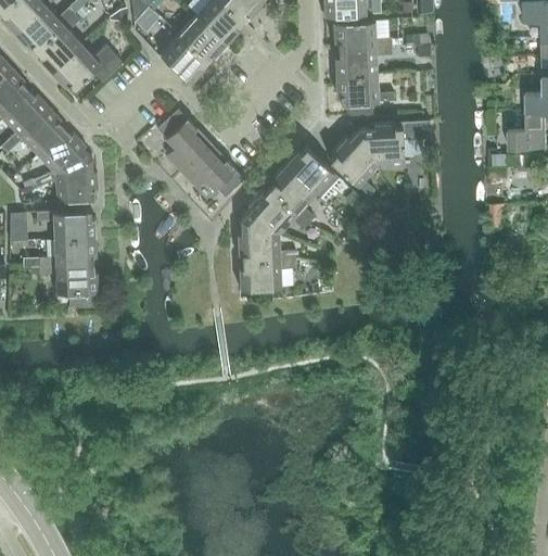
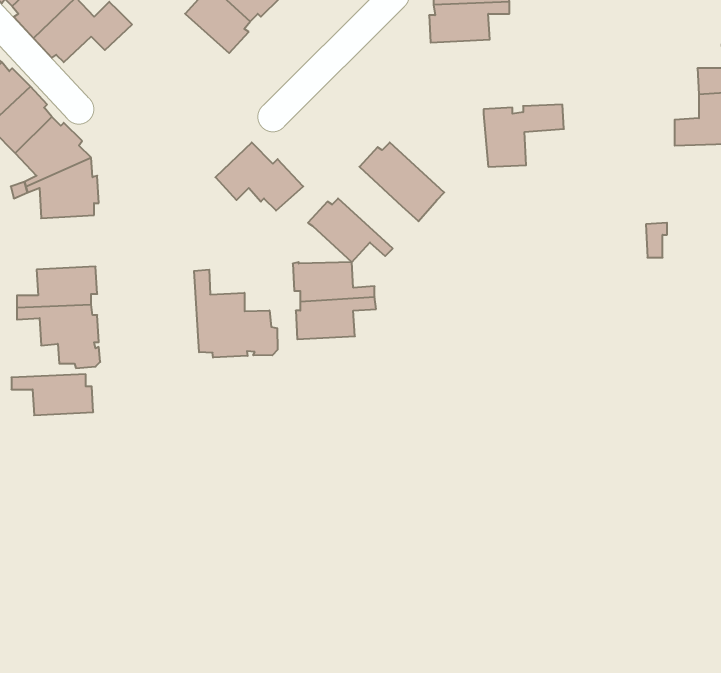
building: [335,73,394,102] -> none
building: [156,108,207,172] -> none
building: [329,126,377,194] -> none
building: [269,164,315,223] -> none
building: [240,206,279,233] -> none
building: [37,208,95,238] -> [11,374,93,415]
building: none -> [194,270,278,358]

